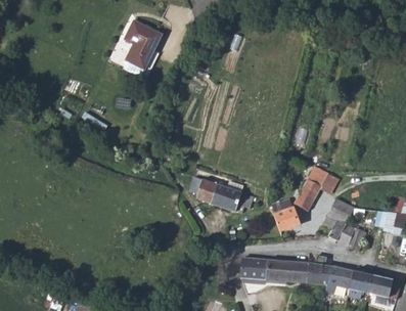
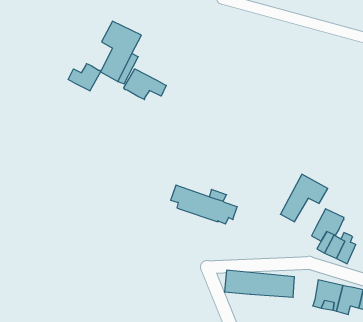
building: none -> [68,64,101,91]
building: none -> [124,69,166,100]
building: [271,198,299,231] -> none
building: [306,255,329,284] -> none

